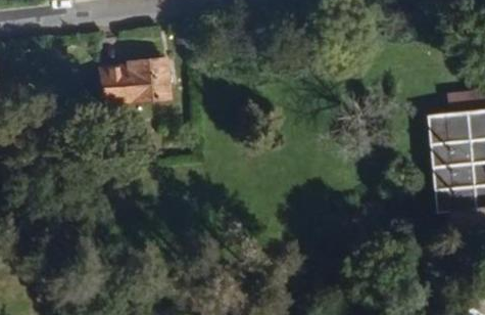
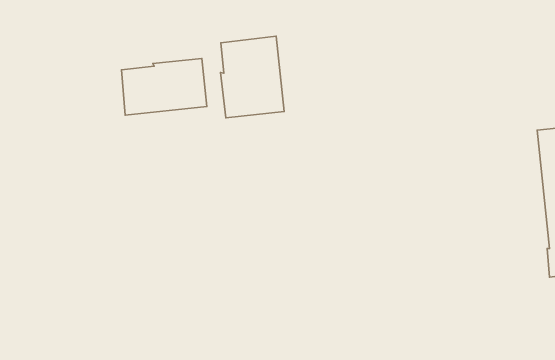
building: none -> [221,36,284,118]

